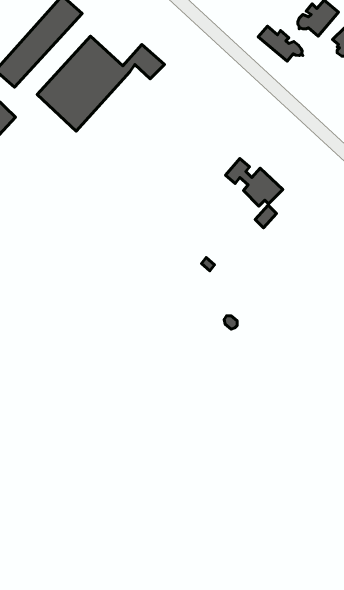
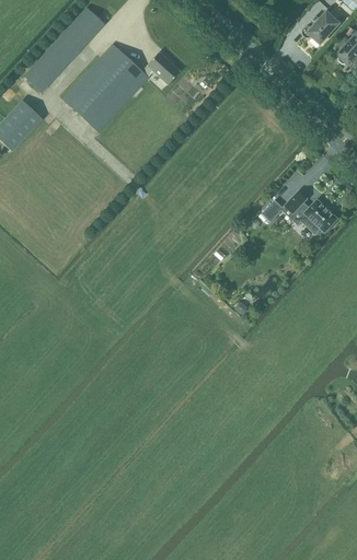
building: [258,26,303,61] -> none
building: [226,158,283,206] -> [285,189,337,233]

